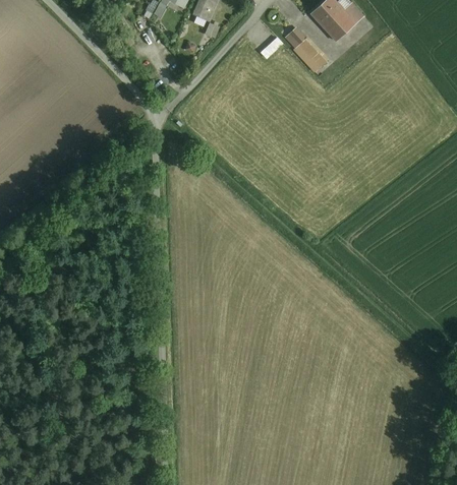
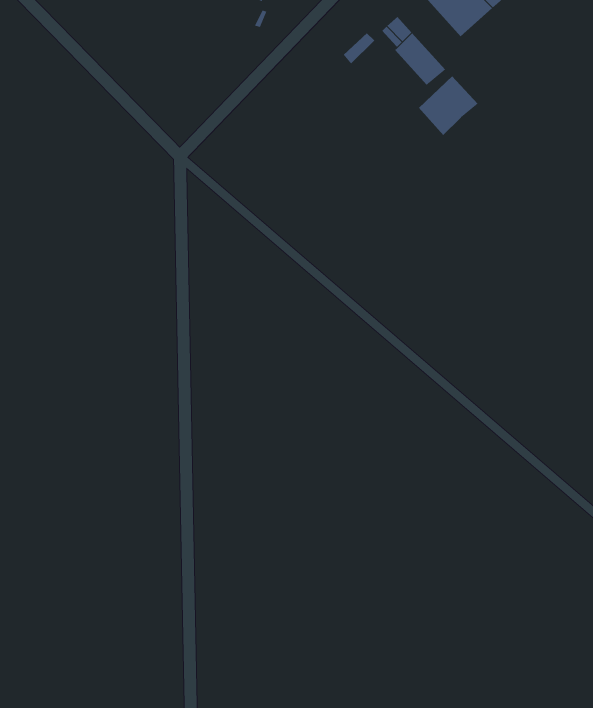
building: none -> [418,76,478,136]

